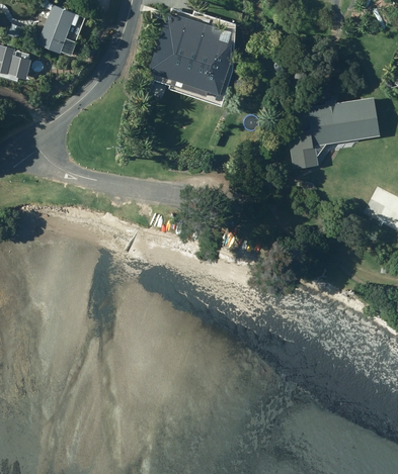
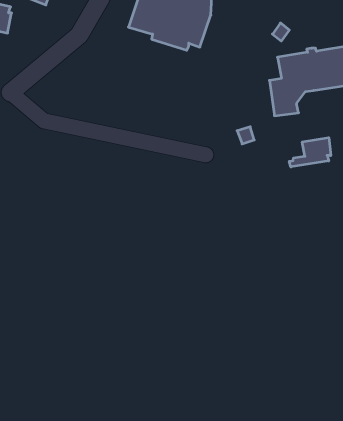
building: none -> [289,138,331,167]

